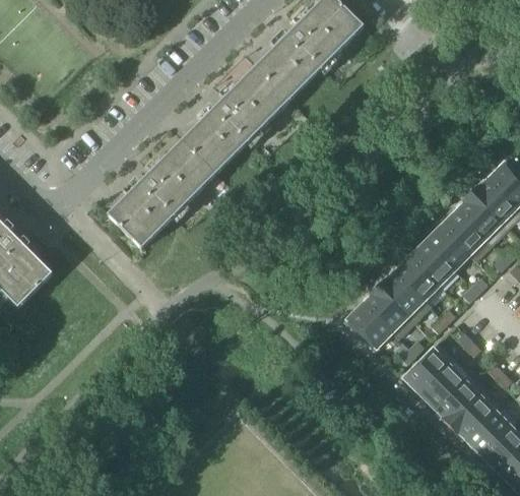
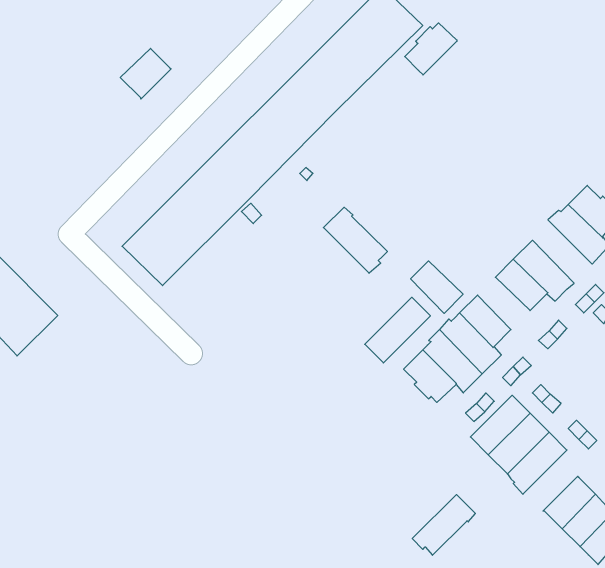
building: none -> [405,23,457,75]
building: none -> [120,48,171,99]
building: none -> [323,207,387,273]
building: [456,191,507,245] -> none
building: [409,240,454,285] -> [411,261,463,313]
building: none -> [365,297,430,363]
building: [448,387,502,439] -> [412,495,475,555]

